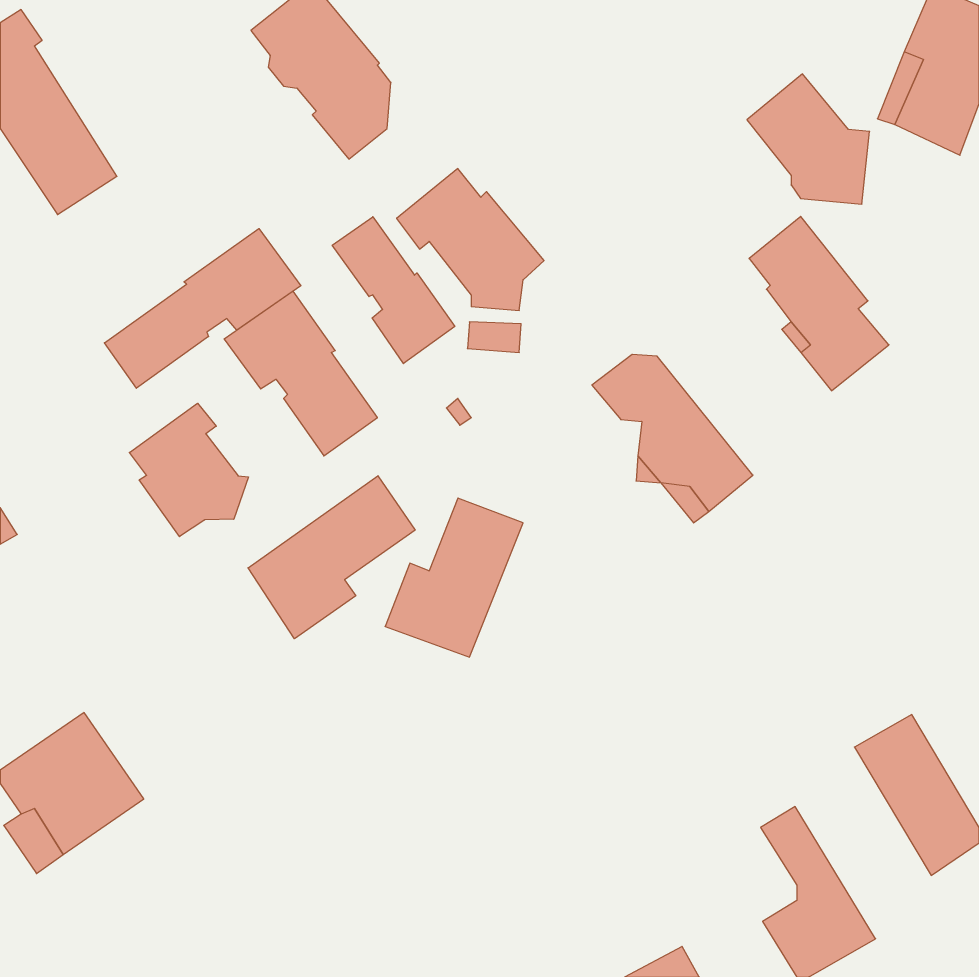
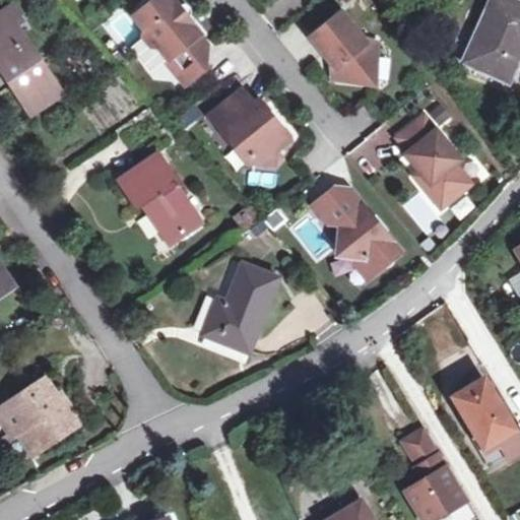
building: [747,74,870,204] -> [312,12,377,81]
building: [332,217,455,364] -> none
building: [104,229,301,388] -> none
building: [129,403,248,537] -> none
building: [248,476,415,639] -> none

